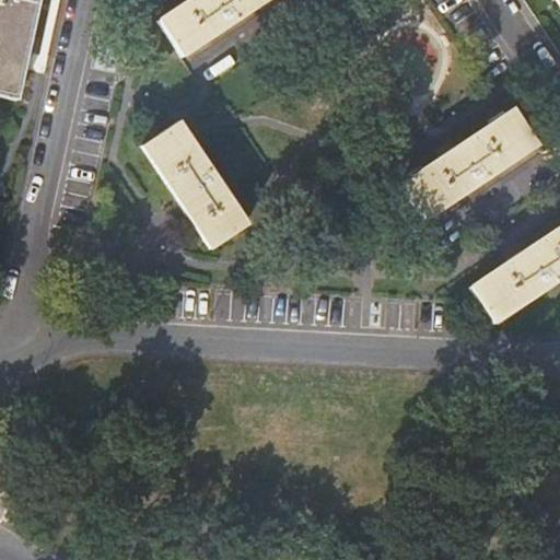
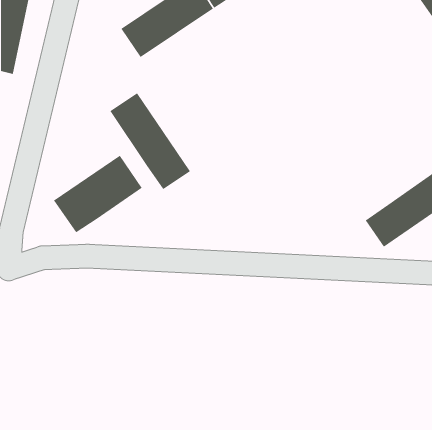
building: [402,107,538,217] -> none
building: none -> [53,155,143,233]

